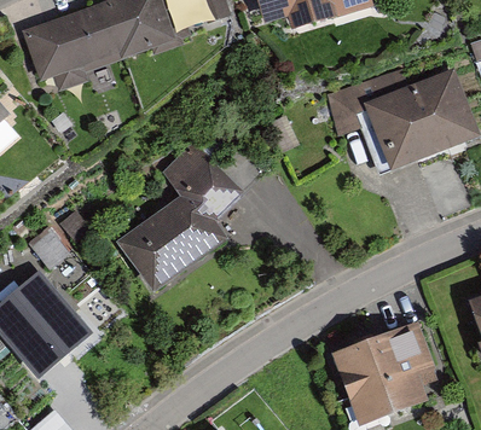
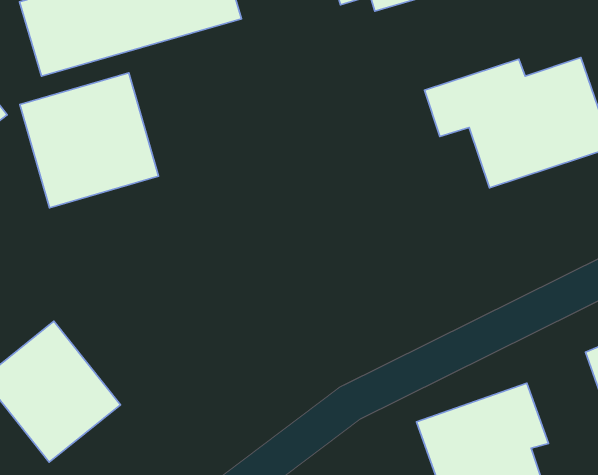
building: none -> [20,73,159,208]
building: [118,144,247,300] -> none

